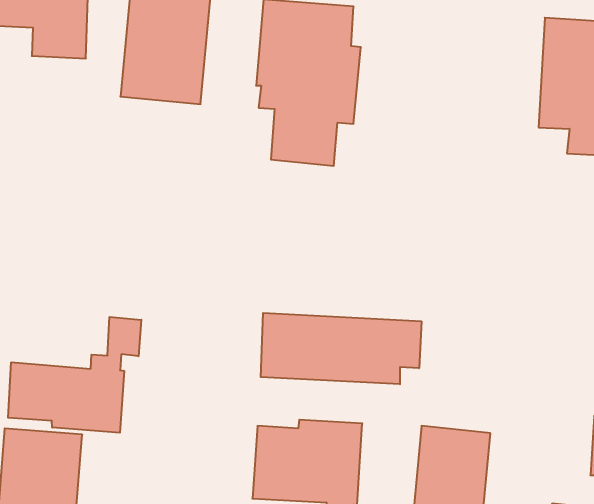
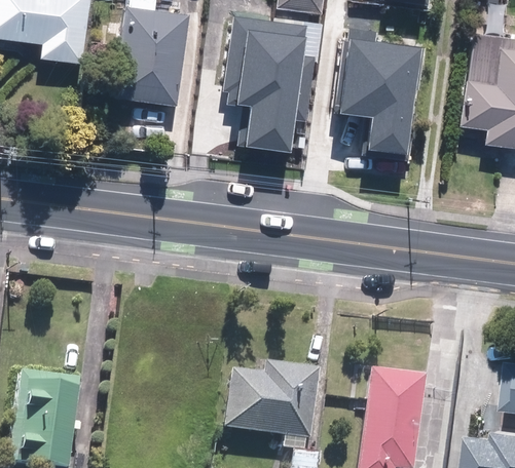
building: none -> [337,39,426,152]
building: [261,313,421,384] -> none
building: [8,317,141,433] -> none

